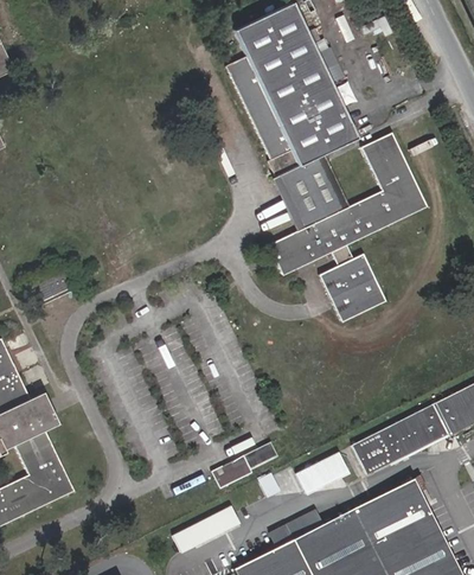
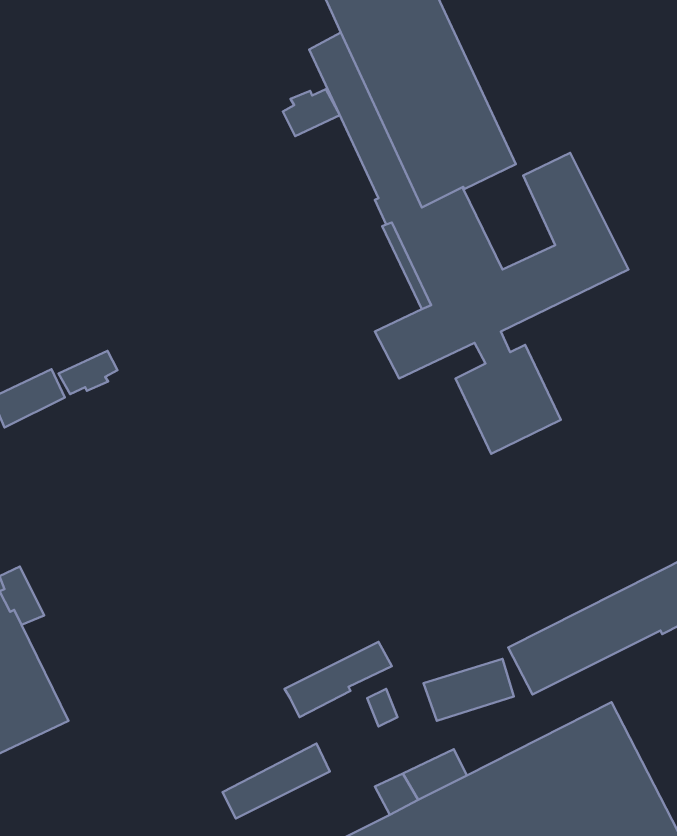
building: none -> [283,89,340,136]
building: none -> [59,351,117,394]

